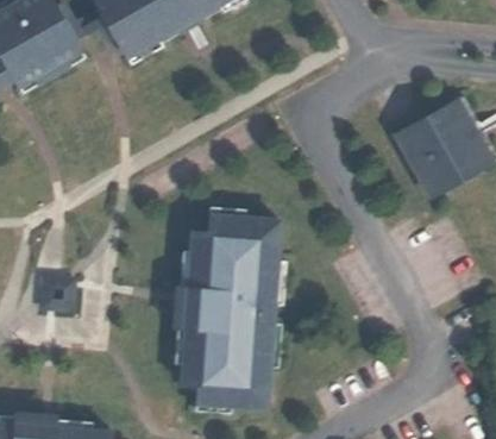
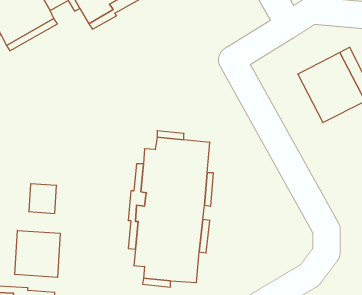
building: none -> [15,230,60,277]

